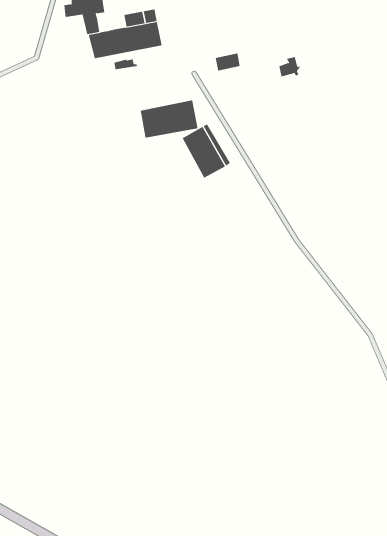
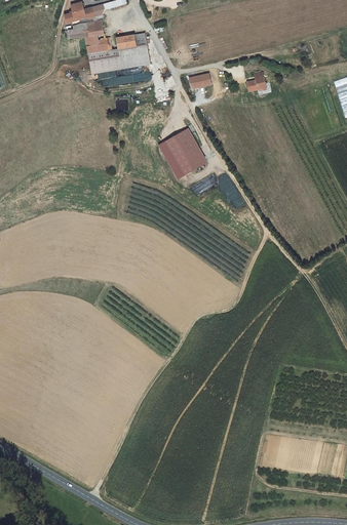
building: [140,99,198,138] -> none

